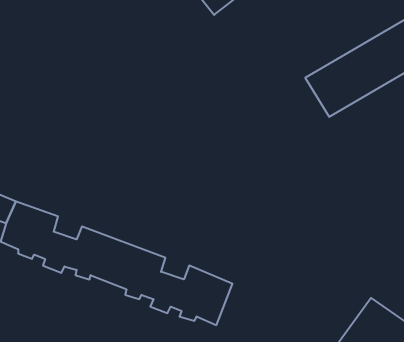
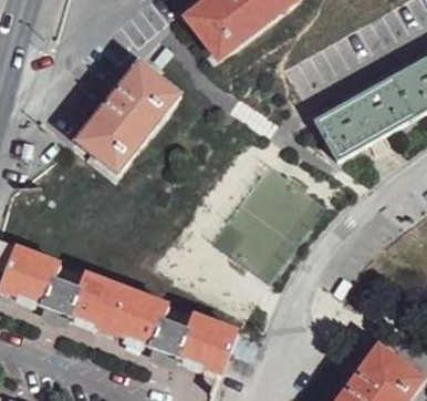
building: none -> [81,59,184,171]

